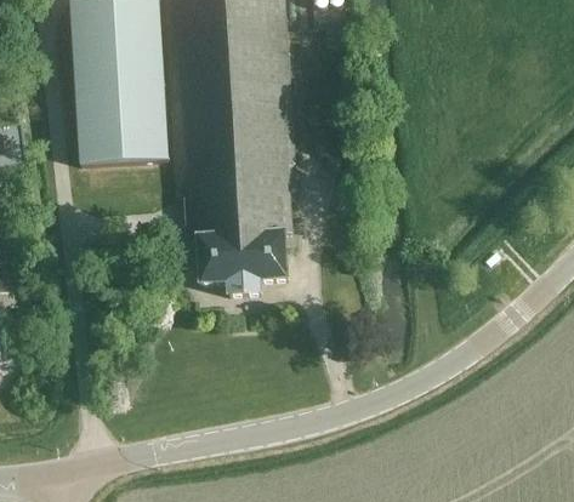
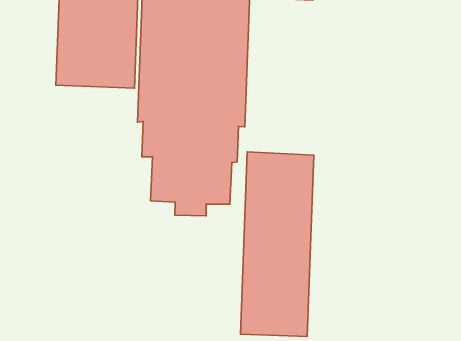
building: none -> [241,152,314,336]

